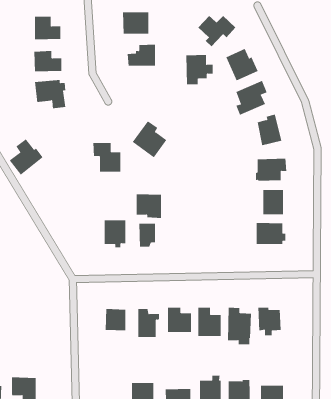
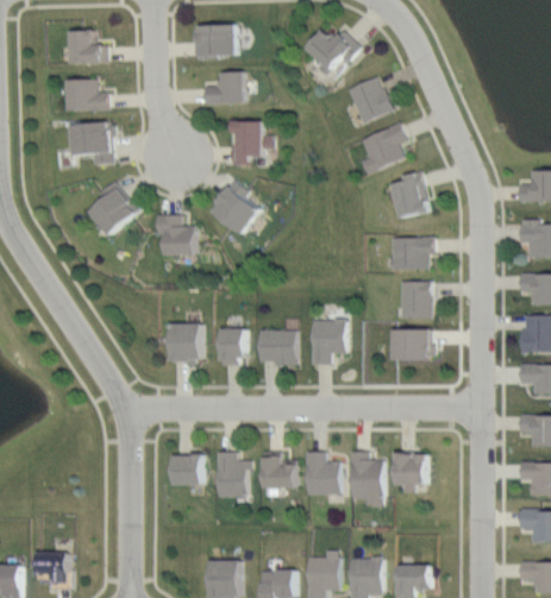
building: [185,54,213,85] -> [231,121,271,165]
building: [9,138,43,175] -> [90,182,140,235]
building: [136,194,162,218] -> [257,331,295,366]
building: none -> [309,319,344,366]

